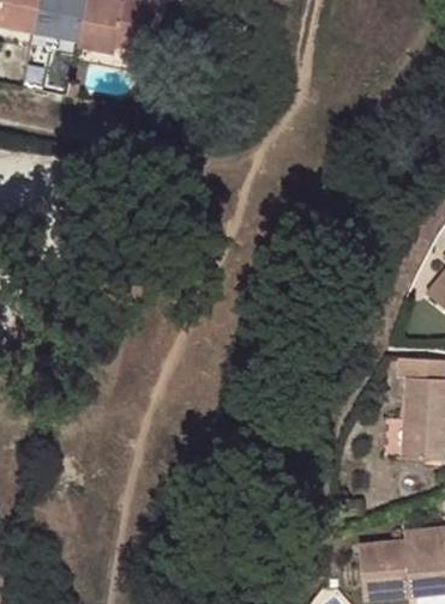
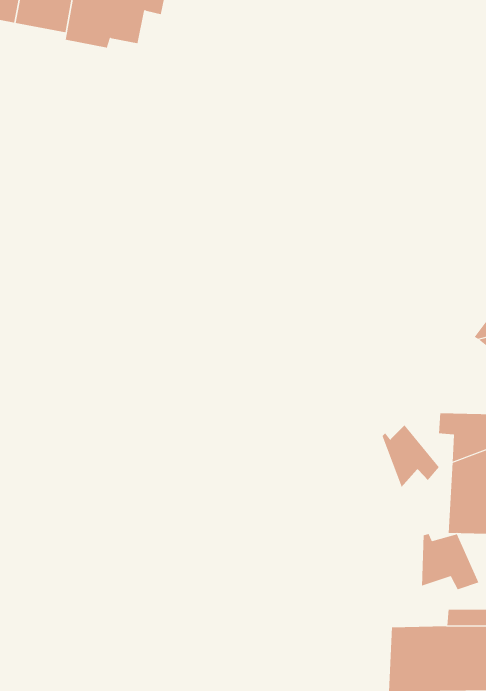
building: none -> [382,425,439,488]
building: none -> [421,533,479,590]

